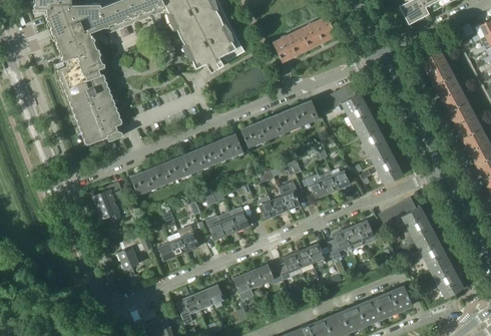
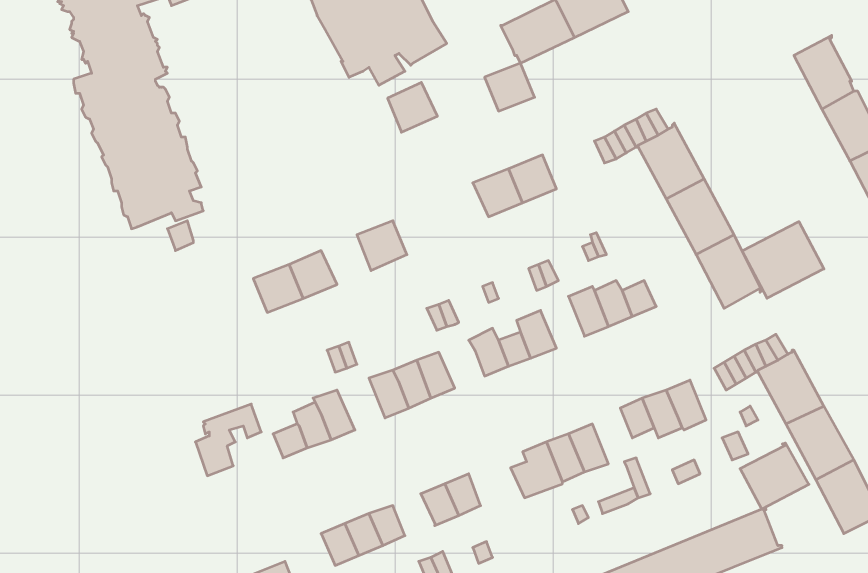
building: [294,100,319,124] -> [485,63,535,111]
building: [241,121,267,146] -> [388,82,437,132]
building: [218,133,243,157] -> none
building: none -> [742,222,824,298]
building: [182,147,207,173] -> none
building: [130,170,155,194] -> none
building: [95,183,124,220] -> none
building: none -> [740,443,809,509]
building: [257,263,285,285] -> none

